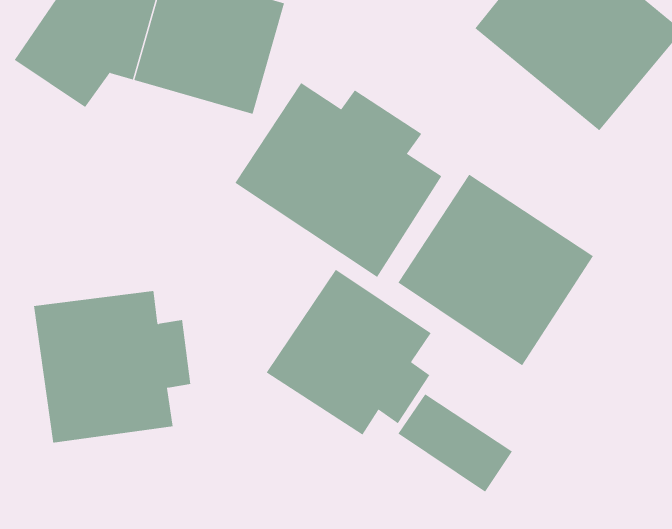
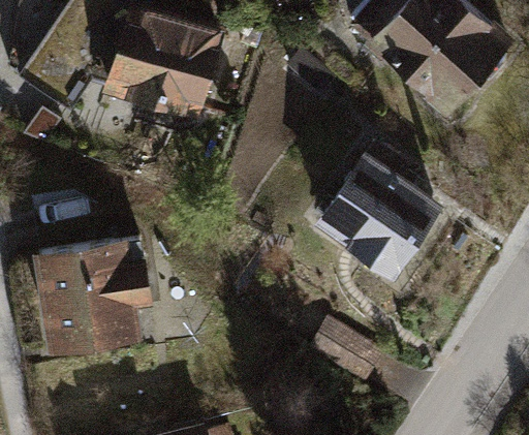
building: [234,82,442,278] -> none
building: [266,269,432,436] -> none

